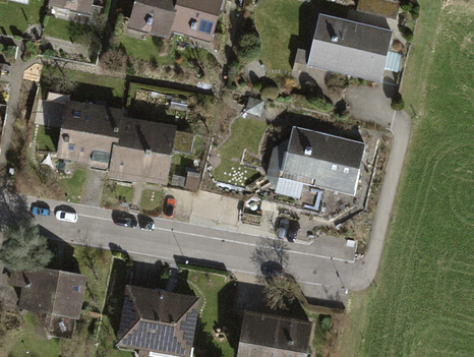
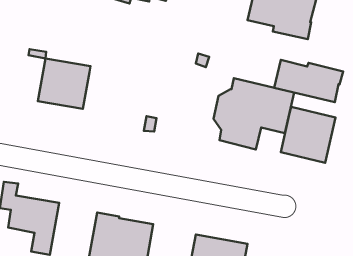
building: none -> [274,60,343,102]
building: [110,119,193,181] -> none
building: none -> [281,107,335,163]

